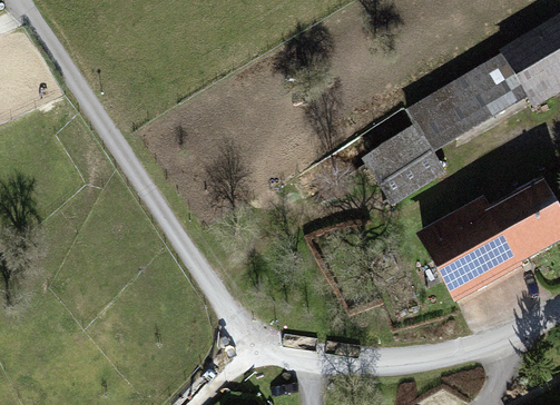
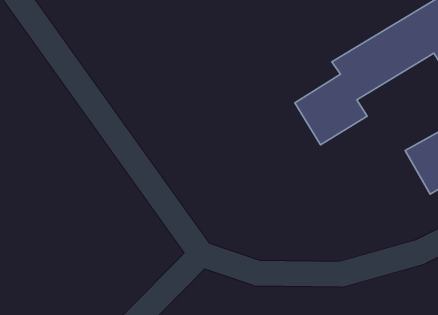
building: [422,200,525,306] -> none

